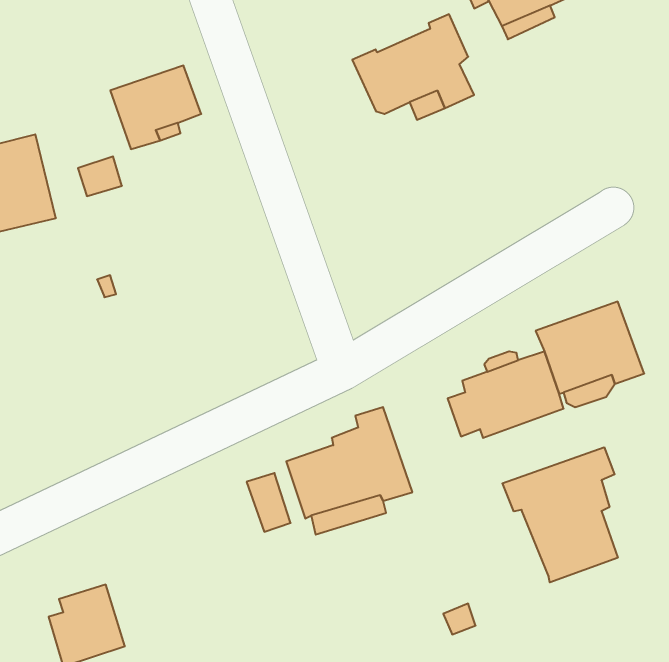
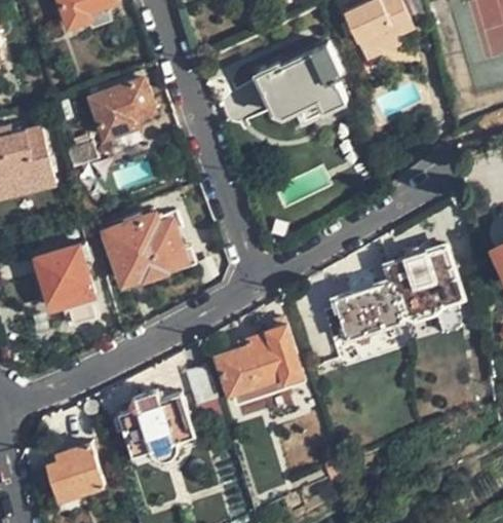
building: none -> [106,215,183,284]
building: none -> [34,246,96,326]
building: [502,447,618,582] -> none
building: none -> [118,391,191,458]

